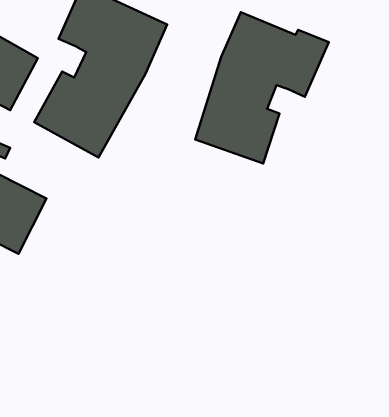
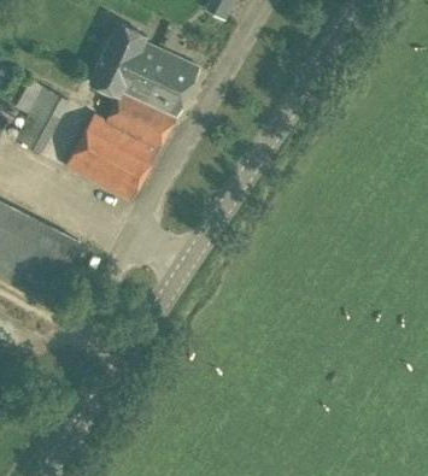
building: [195,12,329,163] -> none

